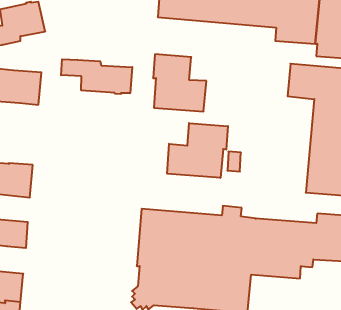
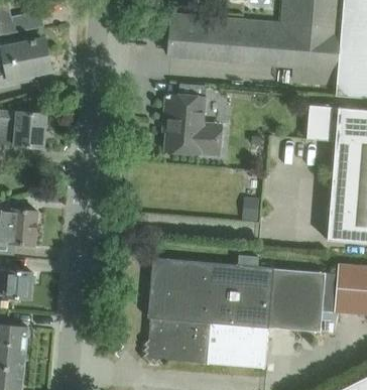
building: [61,59,132,94] -> none
building: [167,123,228,178] -> none

